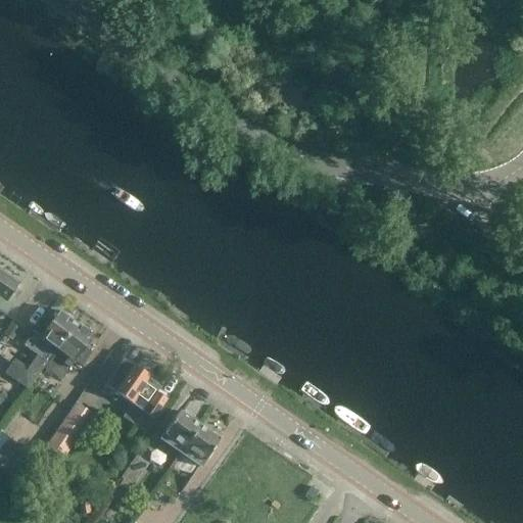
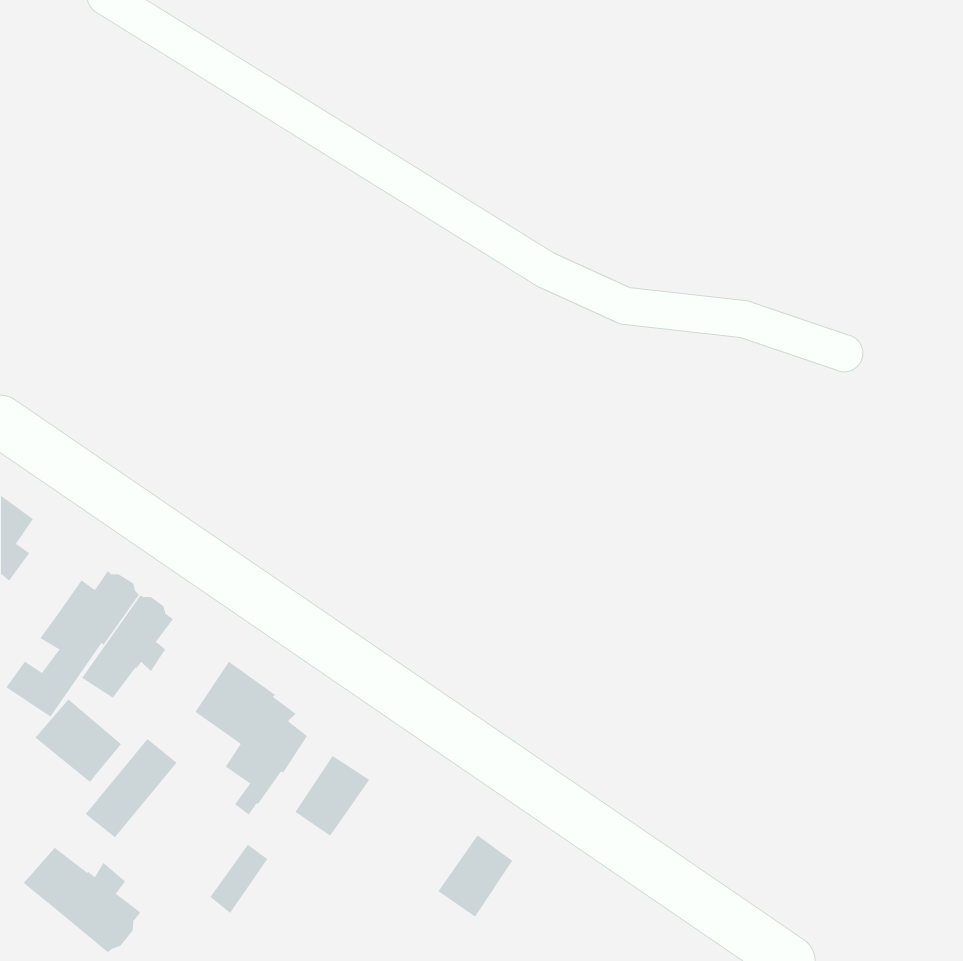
building: none -> [34,698,122,783]
building: [180,422,221,467] -> [438,835,513,918]
building: none -> [23,847,141,953]

